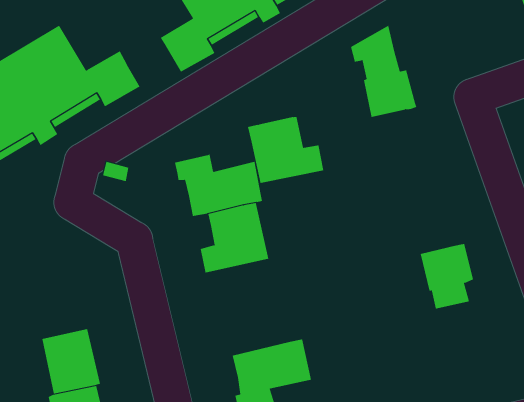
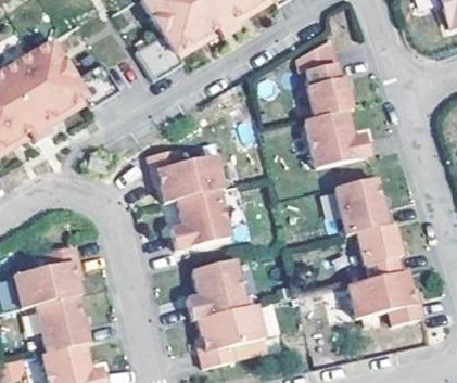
building: [247,117,324,183] -> [305,111,370,167]
building: none -> [335,177,388,235]
building: none -> [13,245,80,307]
building: none -> [187,259,246,318]
building: none -> [347,270,422,324]

